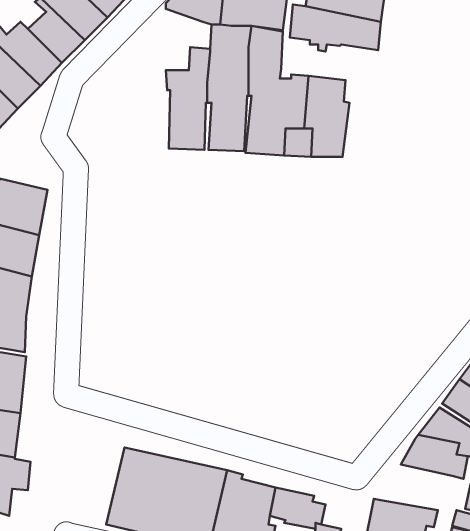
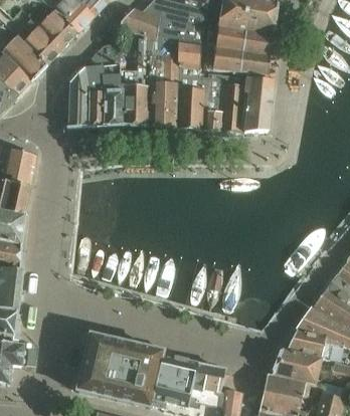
building: none -> [65,41,122,128]
building: none -> [204,47,269,75]
building: none -> [243,77,273,132]
building: none -> [271,349,321,381]

